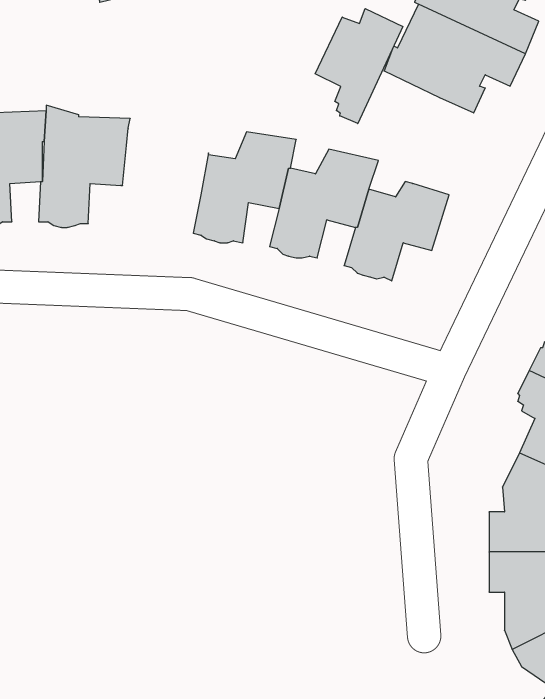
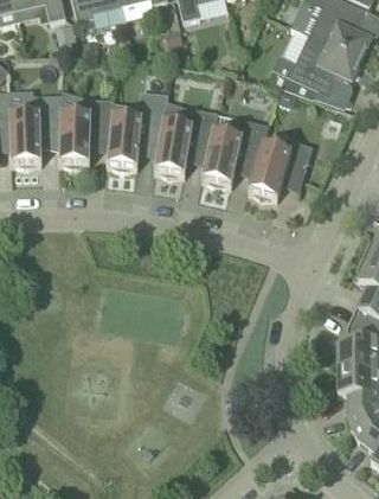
building: [315,9,403,124] -> none
building: none -> [107,105,166,169]

